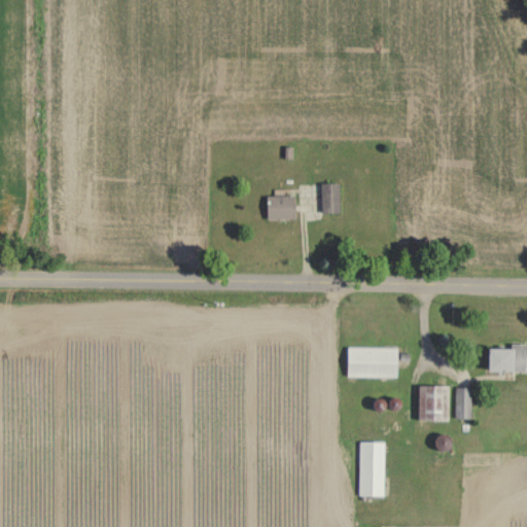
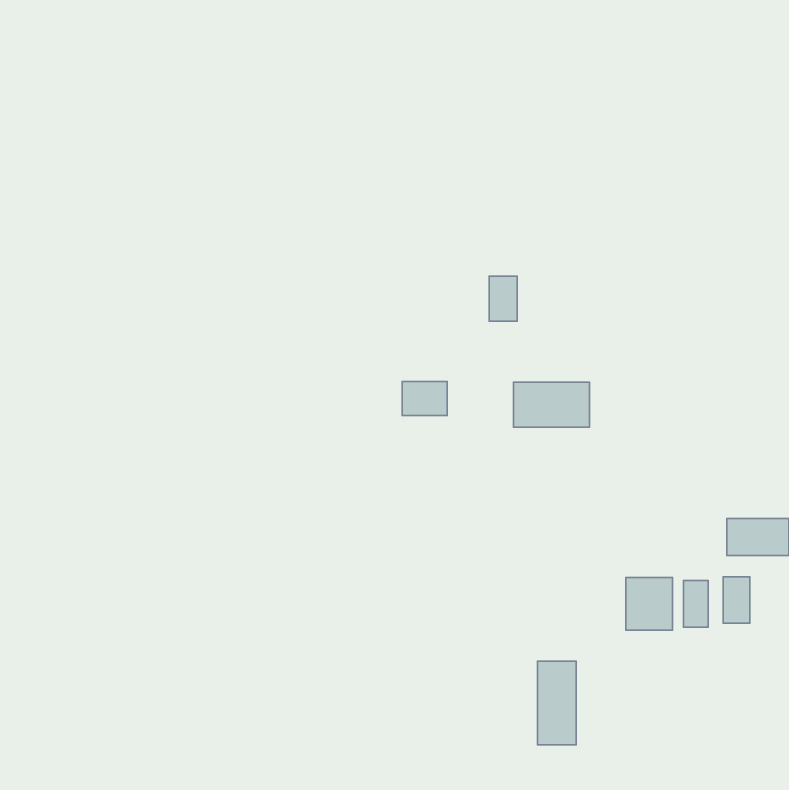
building: [272,198,302,220] -> [402,381,447,416]
building: [347,347,397,377] -> [514,382,590,427]
building: none -> [723,577,750,623]

